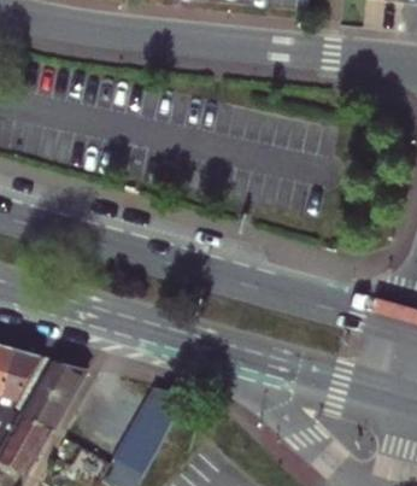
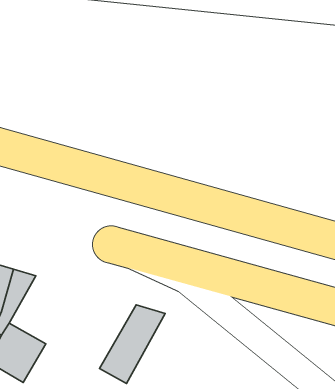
building: [13,352,89,428] -> none

